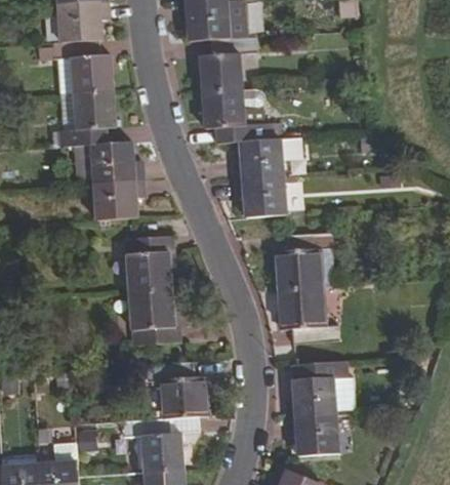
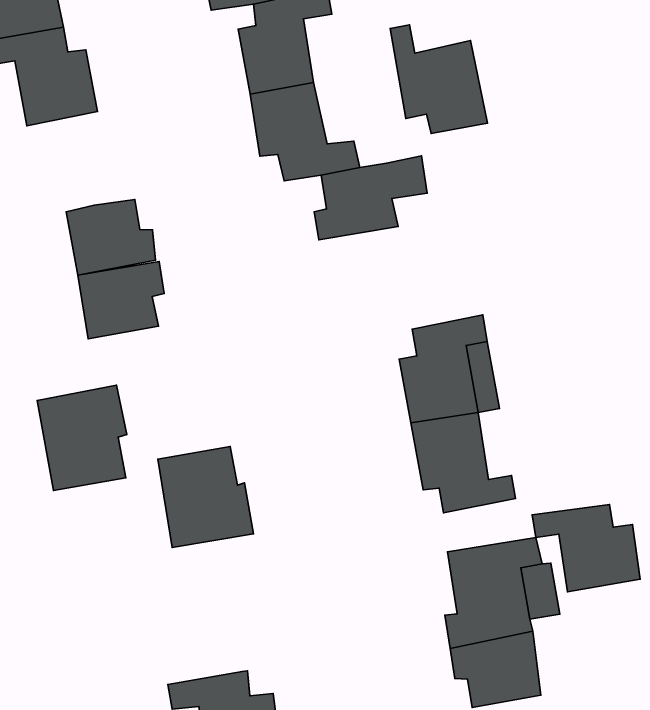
building: none -> [390,25,487,134]
building: [62,92,118,150] -> none
building: [235,175,283,216] -> none
building: [126,238,175,294] -> [37,385,127,490]
building: none -> [532,504,640,592]
building: [149,364,208,420] -> none

